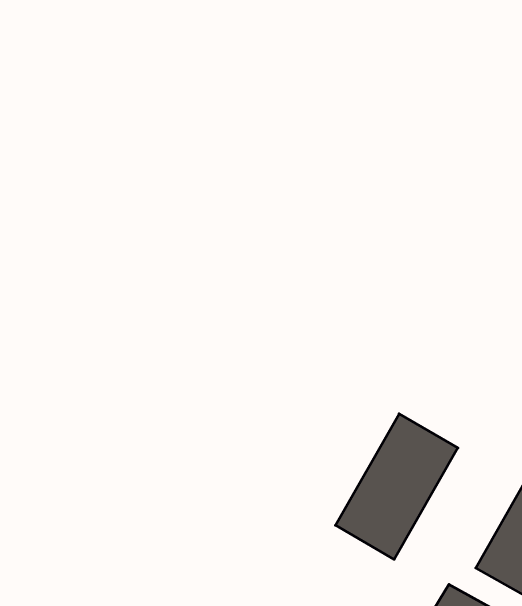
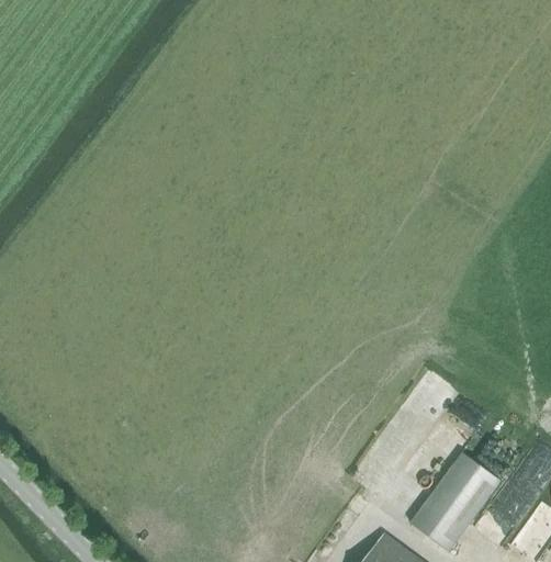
building: [335,414,458,559] -> none

